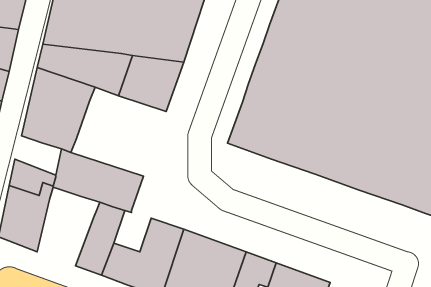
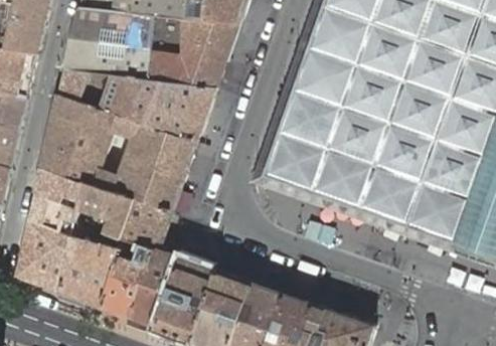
building: none -> [93,115,195,210]
building: none -> [32,167,82,209]
building: none -> [56,235,120,307]
building: none -> [139,247,179,292]

